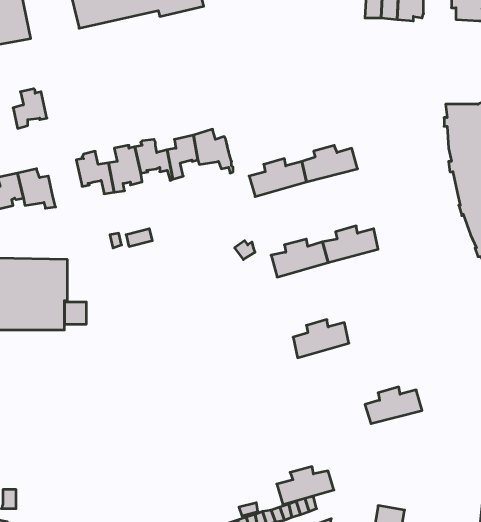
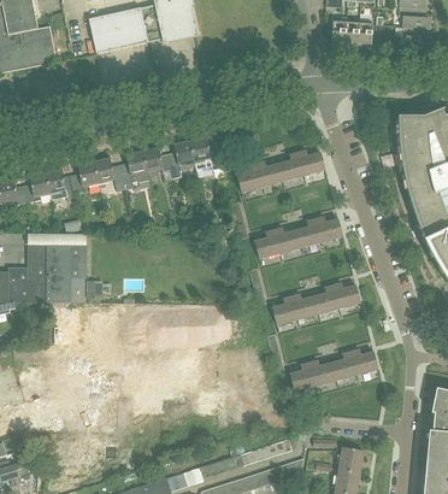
building: [13,89,47,128] -> [71,159,99,192]
building: none -> [314,282,360,312]
building: [277,467,334,505] -> [289,359,336,390]

